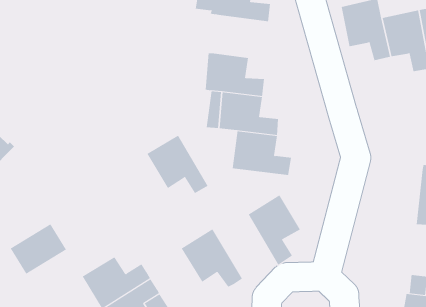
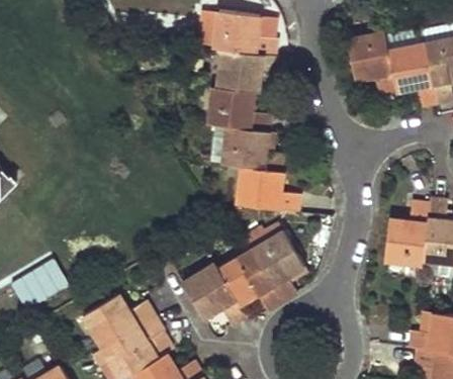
building: none -> [215,49,280,92]
building: [147,135,209,194] -> [219,251,282,310]
building: none -> [383,203,428,265]

